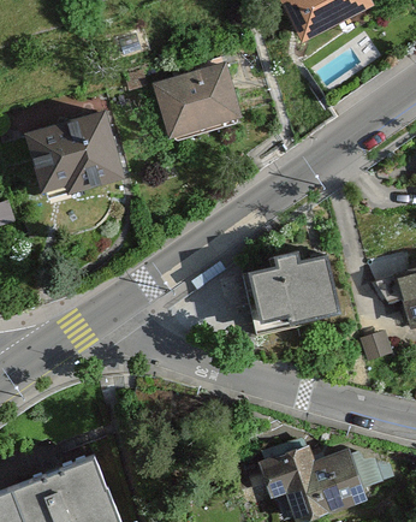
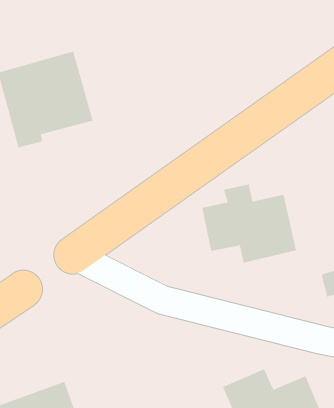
building: [153,63,242,141] -> none

